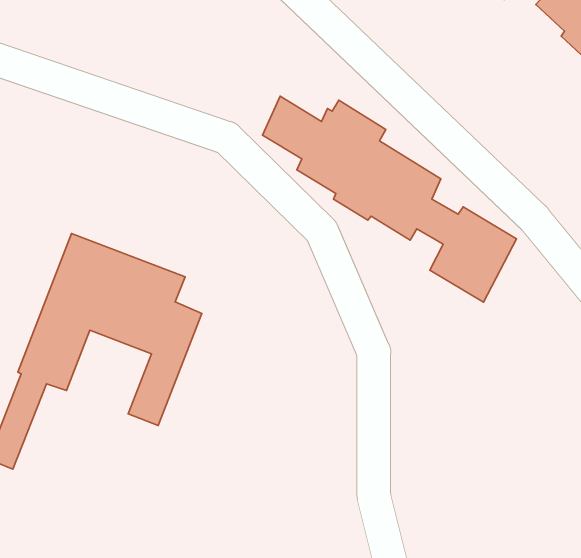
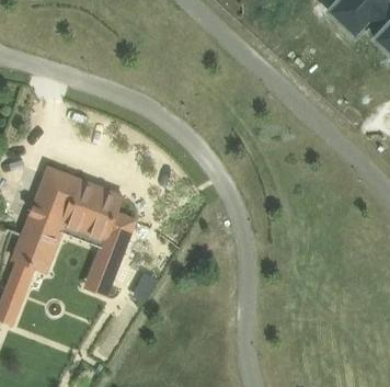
building: [263,96,517,302] -> none

